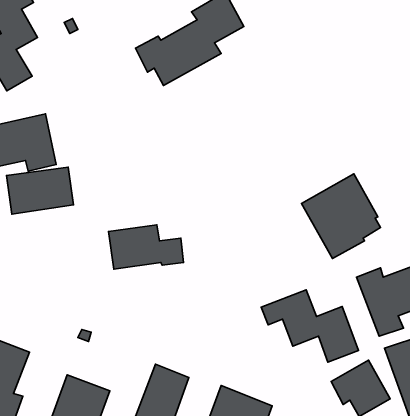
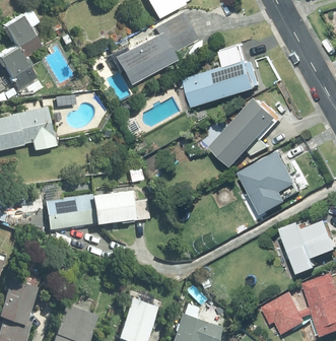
building: none -> [183,46,259,110]
building: none -> [211,98,278,167]
building: [7,167,74,214] -> [48,195,98,230]
building: [261,290,358,362] -> none

